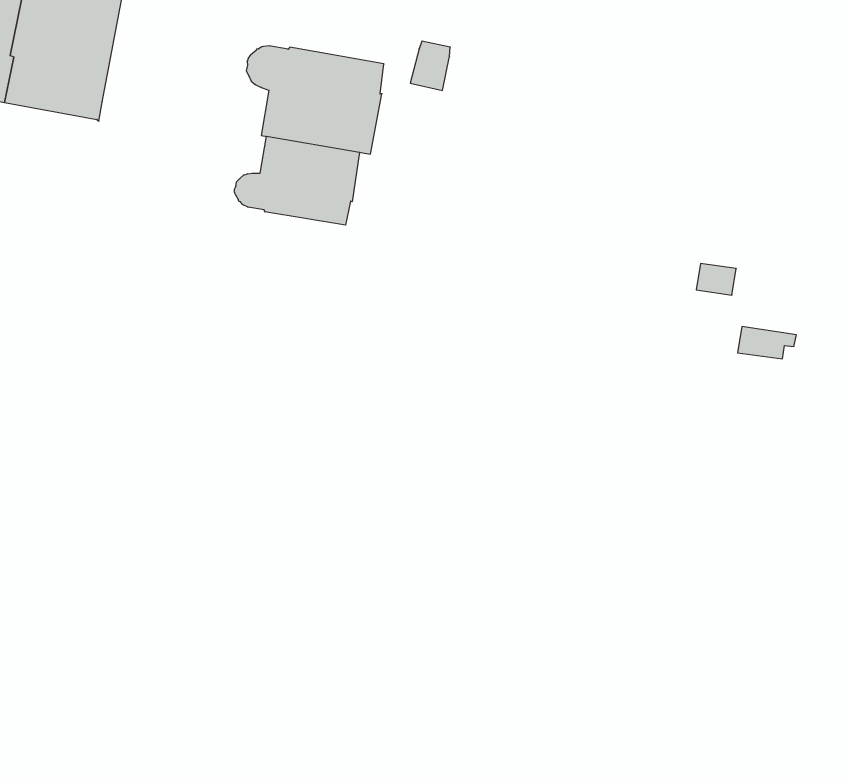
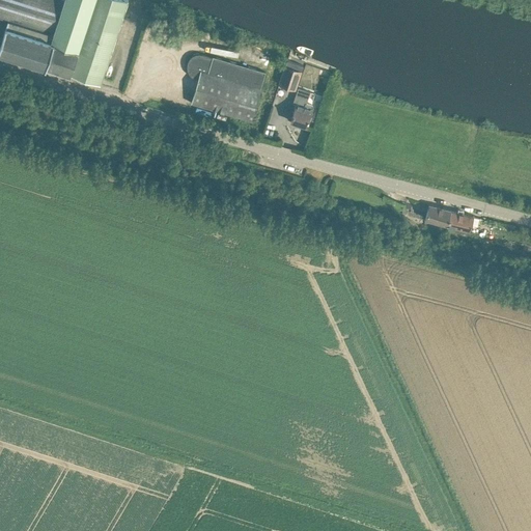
building: none -> [289,90,312,129]
building: [235,136,360,225] -> none
building: [738,327,796,359] -> [444,211,478,231]

